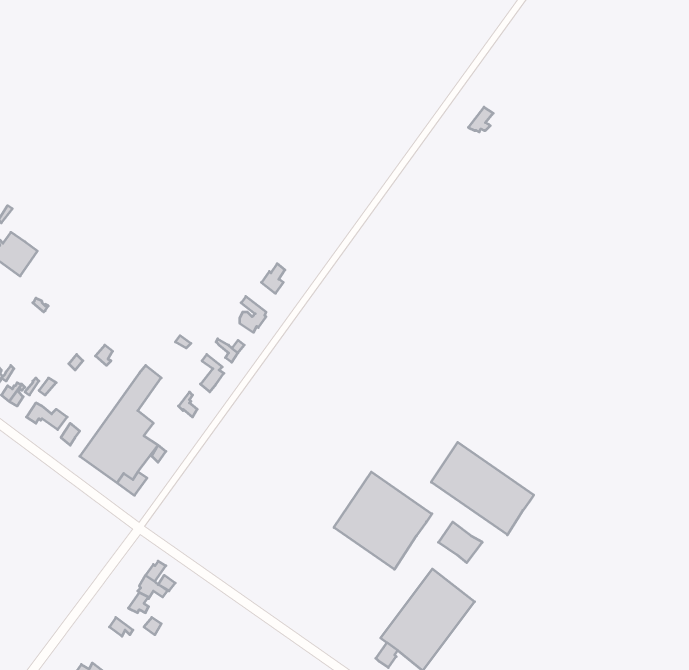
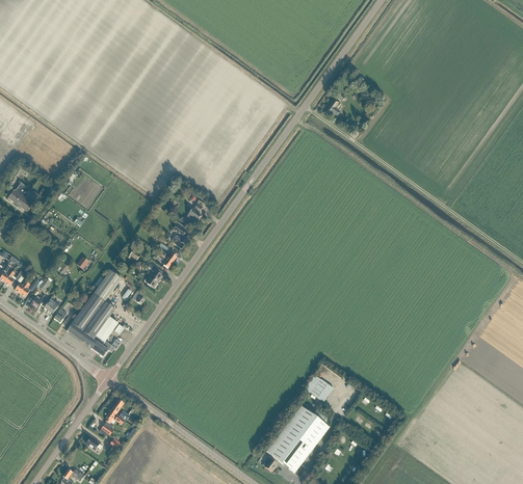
building: [431,442,534,535] -> none
building: [334,472,432,569] -> none

